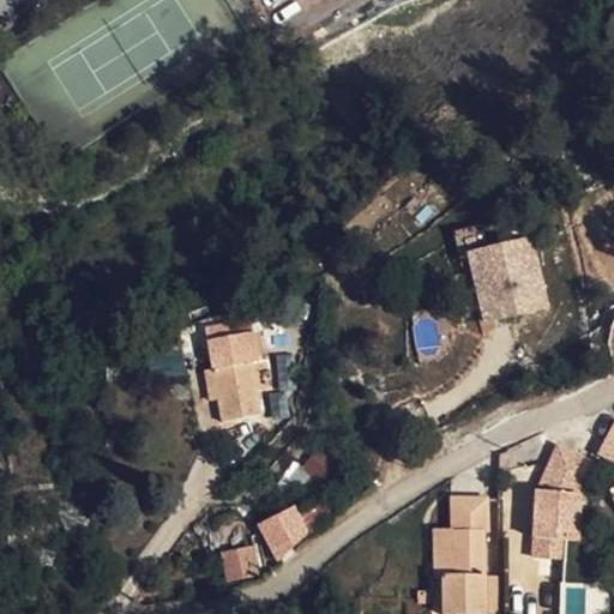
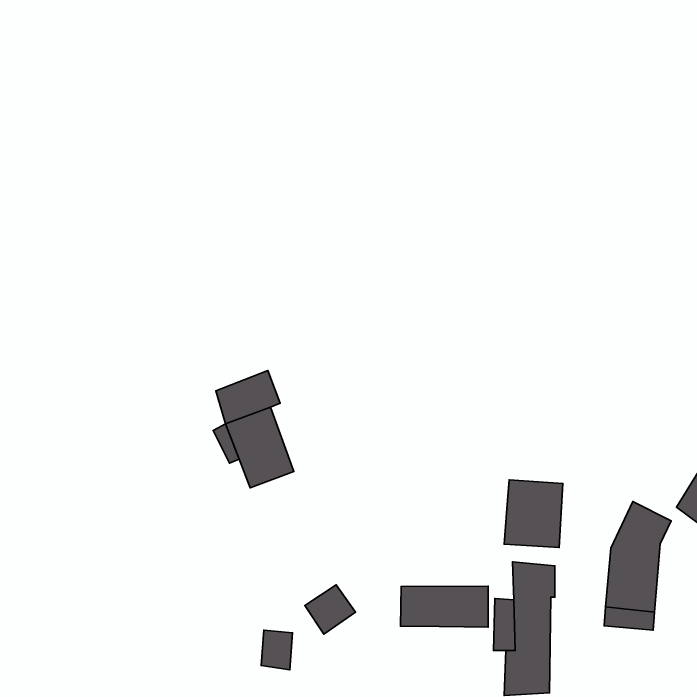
building: [474,231,553,320] -> none
building: none -> [504,480,563,547]
building: none -> [401,586,488,627]

